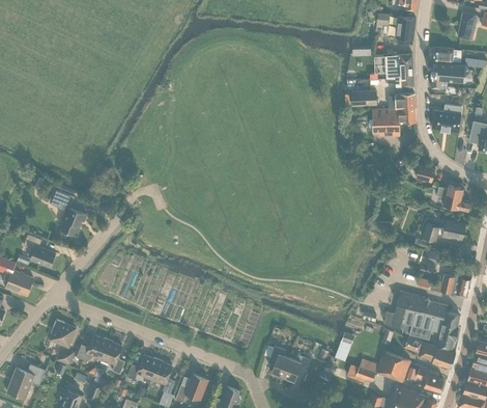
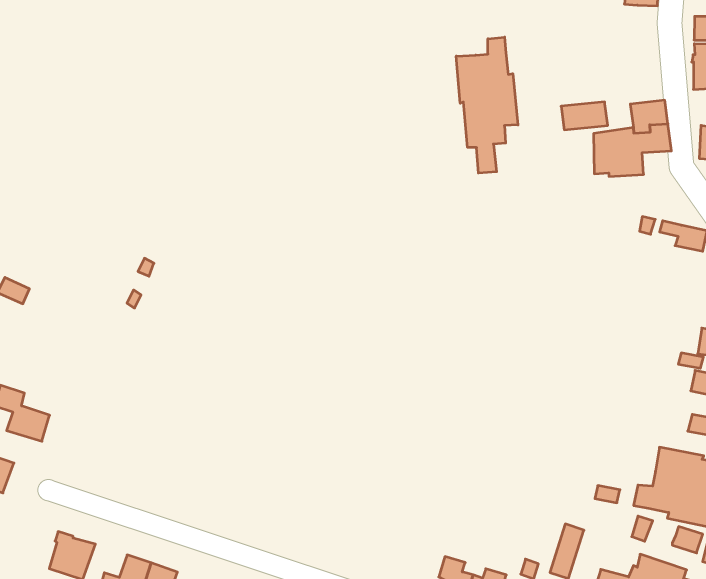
building: none -> [456,37,518,173]
building: [383,54,413,87] -> none
building: [50,189,86,235] -> none

